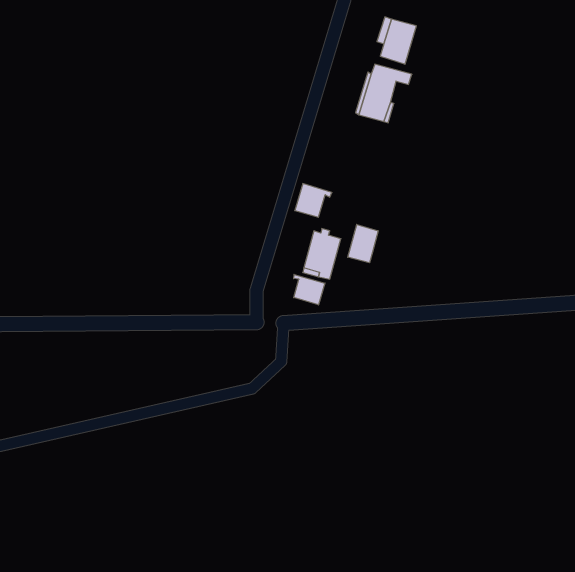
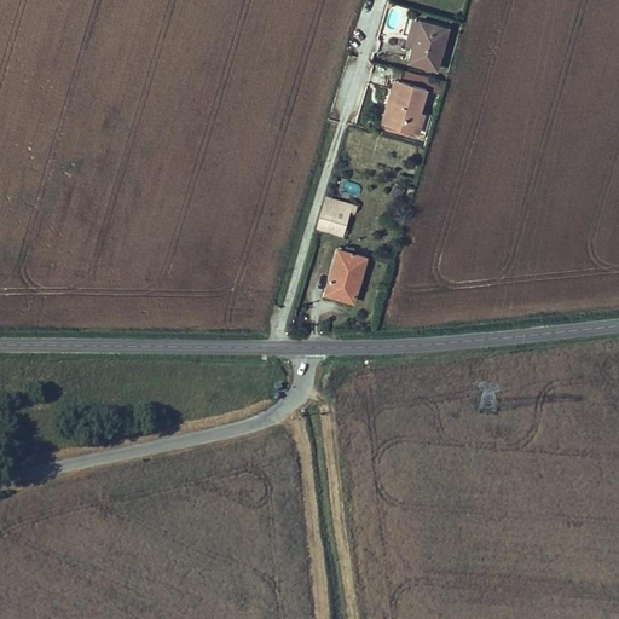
building: [348,224,378,263] -> none
building: [294,274,325,305] -> none

